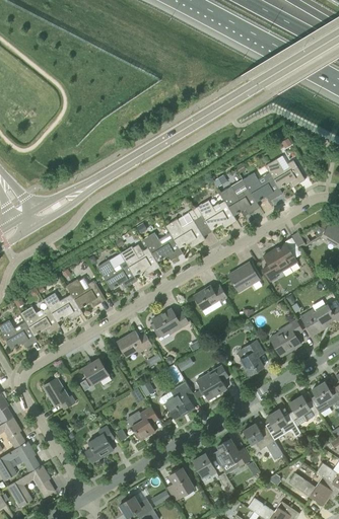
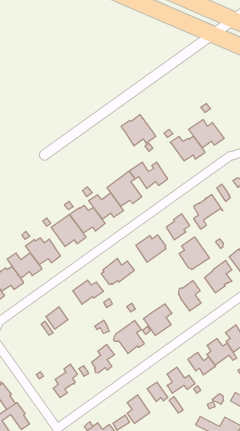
building: [220,180,260,216] -> [121,115,156,146]
building: none -> [179,237,210,270]
building: [43,377,76,409] -> none

